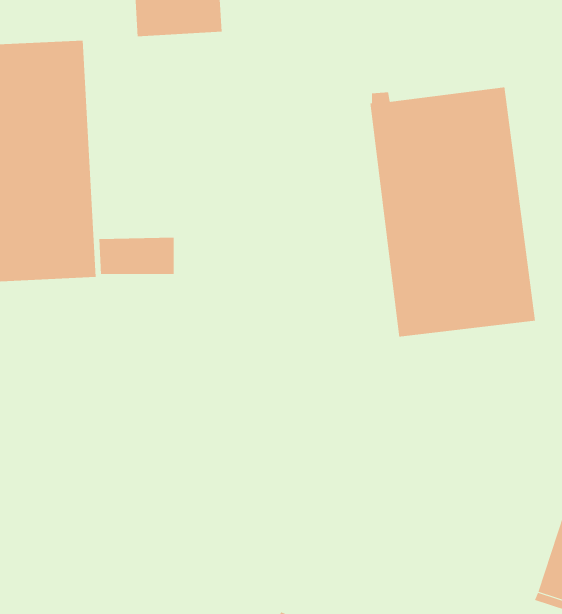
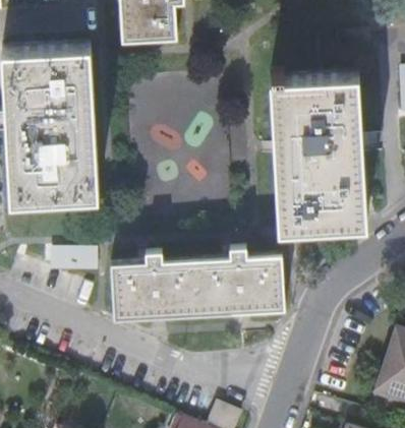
building: [99,237,174,274] -> [50,244,98,267]
building: none -> [110,250,282,319]

